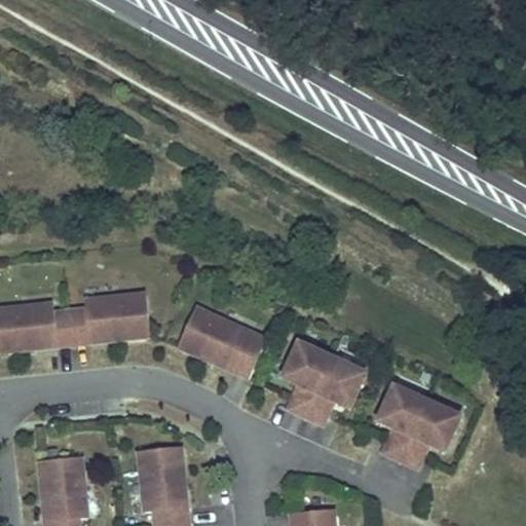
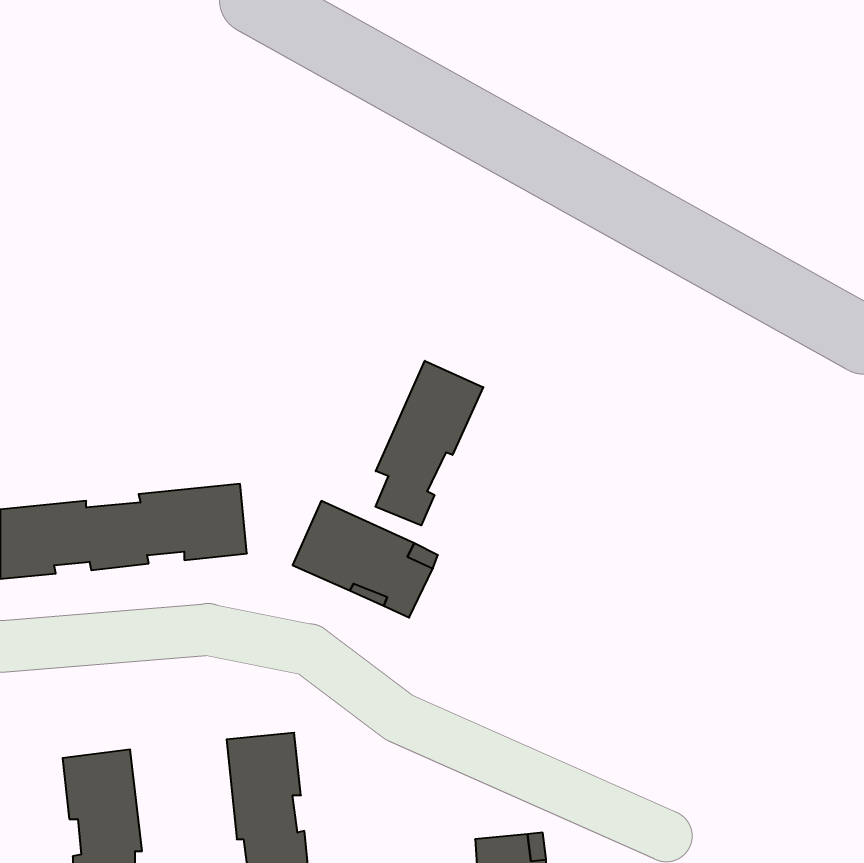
building: none -> [375,361,483,525]
building: [283,340,366,424] -> none
building: [378,383,460,467] -> none

